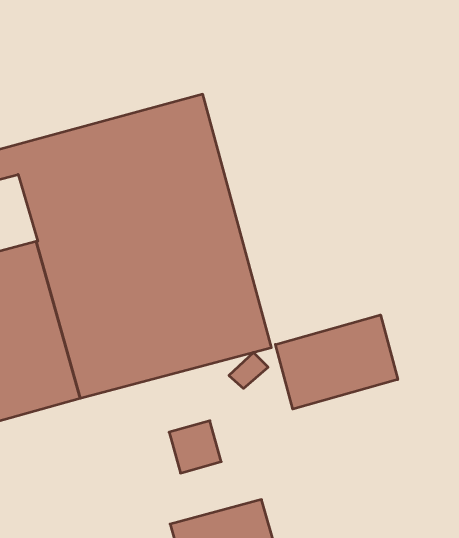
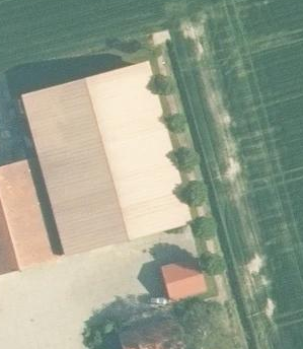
building: [275,315,398,409] -> none
building: [169,421,221,473] -> [162,263,195,295]

